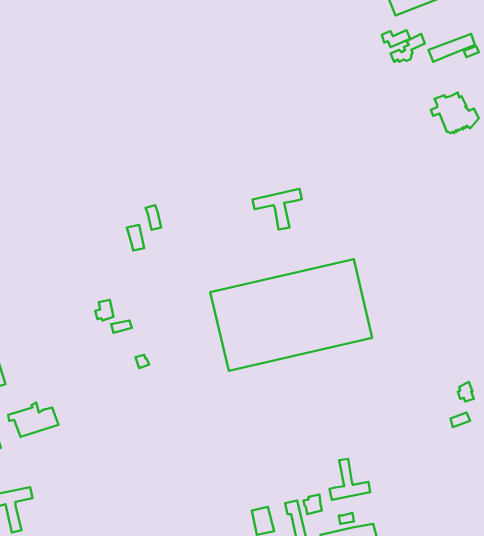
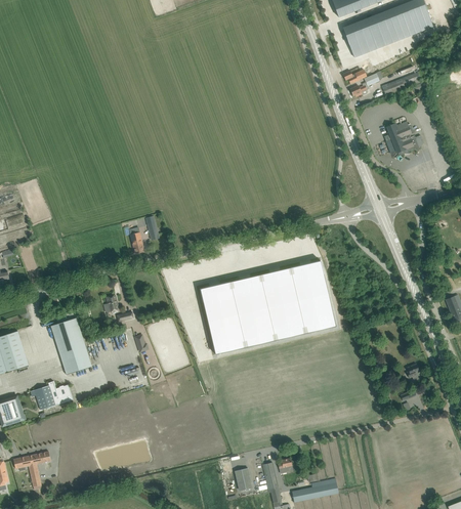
building: [253,189,302,230] -> none
building: none -> [51,316,92,374]
building: [330,459,370,500] -> none

